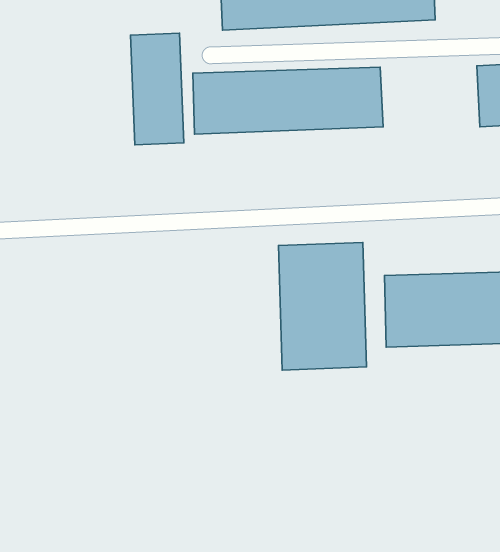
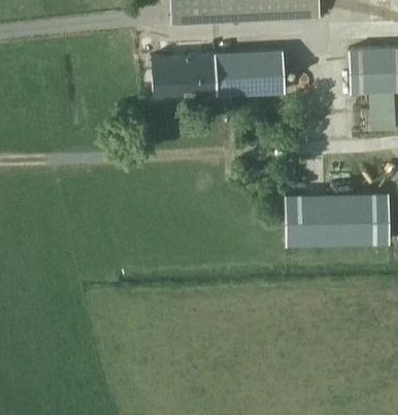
building: [131,33,184,145] -> none
building: [279,242,366,370] -> none

